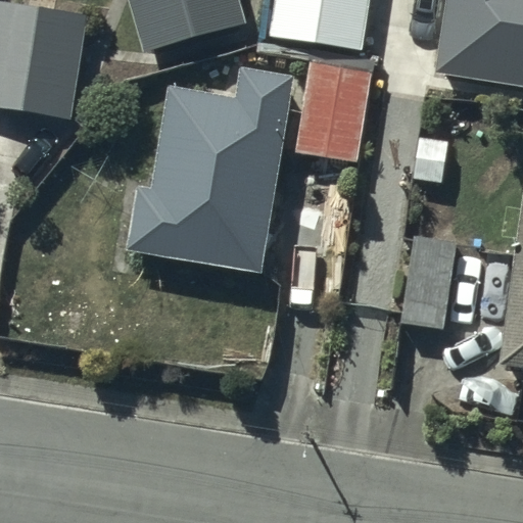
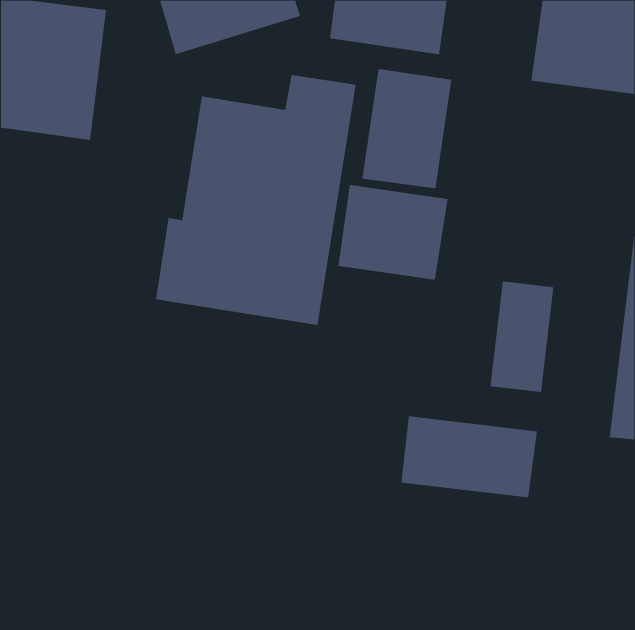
building: none -> [338,184,448,281]
building: none -> [401,416,538,498]

